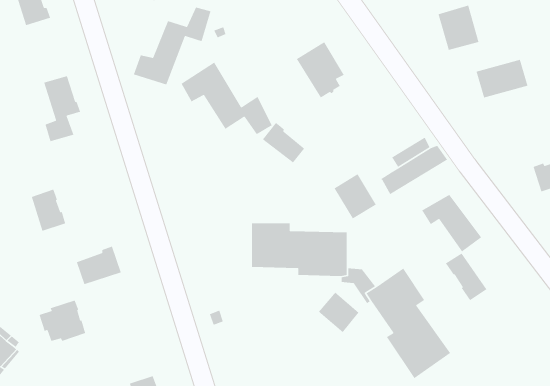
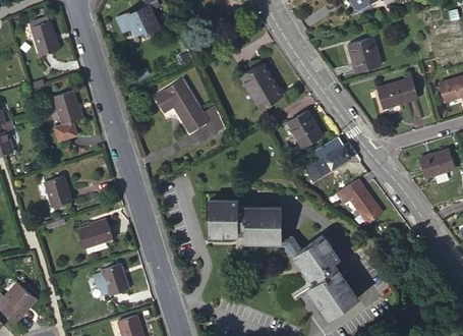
building: [133,7,212,85] -> none
building: [262,122,305,163] -> none
building: [333,173,377,220] -> [288,112,321,147]
building: [445,252,487,301] -> none
building: [318,292,359,333] -> none
building: [39,300,86,342] -> [92,264,127,295]

